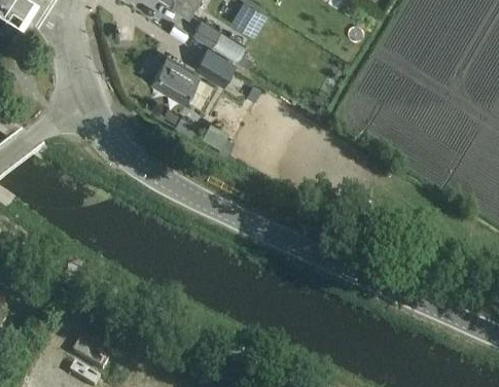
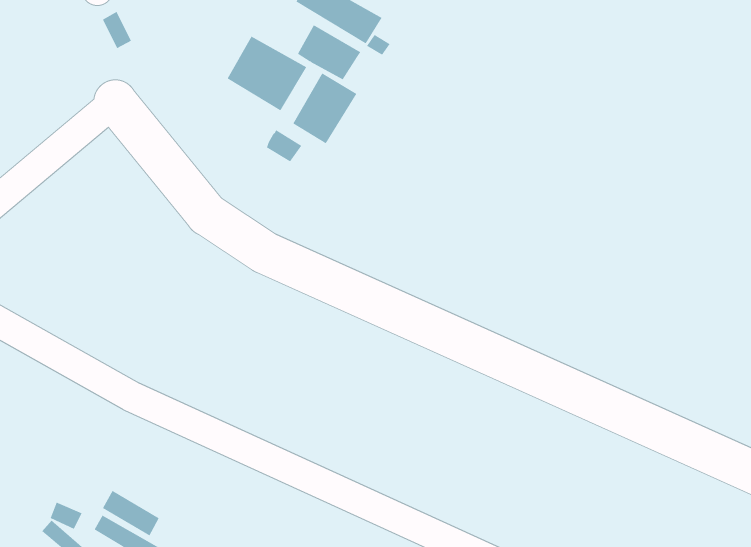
building: none -> [292,73,357,144]

